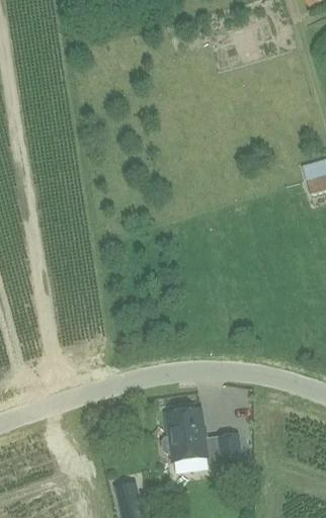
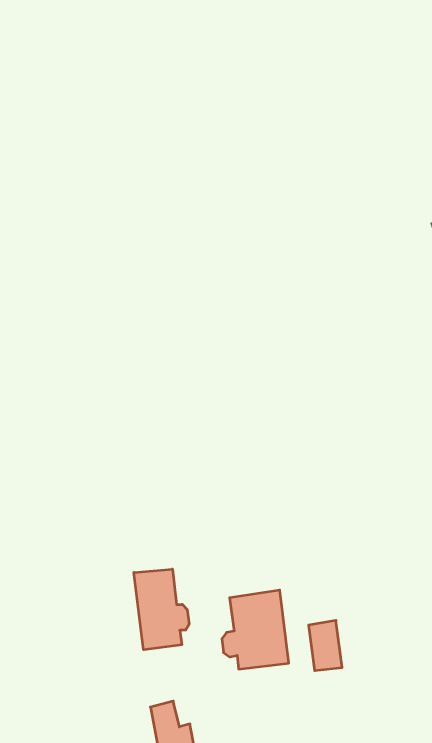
building: none -> [134,569,189,650]

